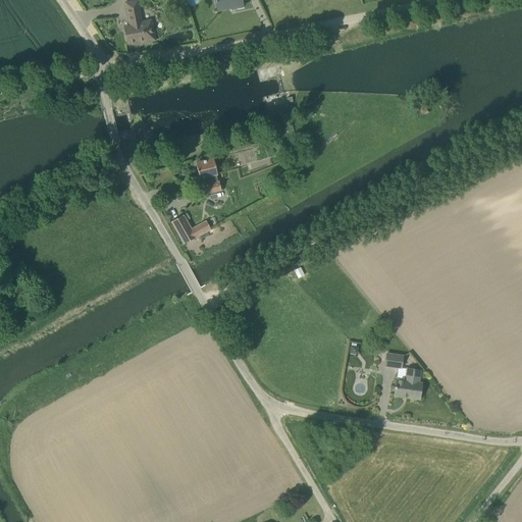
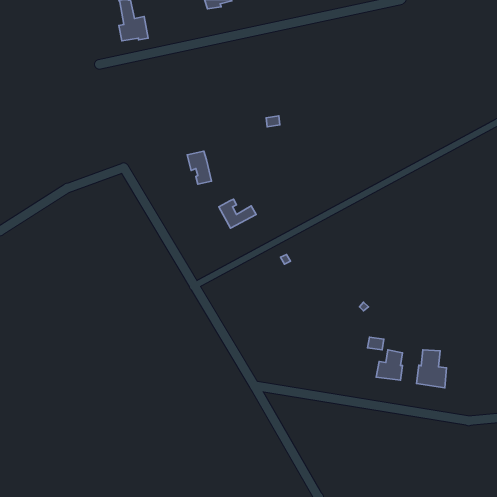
building: [172,212,211,243] -> [219,199,256,228]
building: none -> [416,350,446,388]

